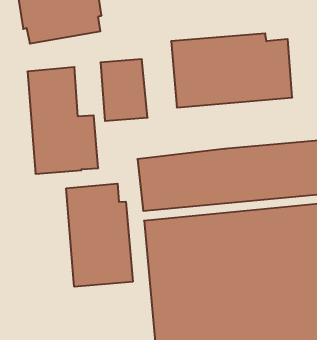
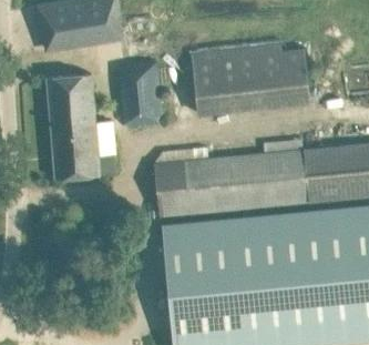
building: [66,184,133,287] -> none

